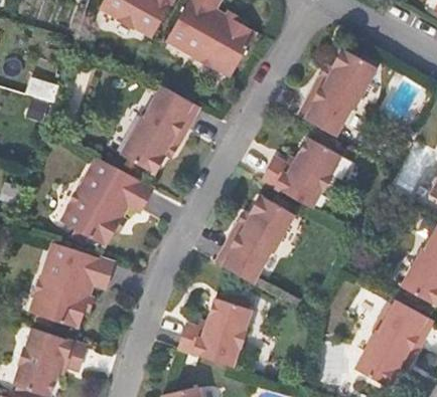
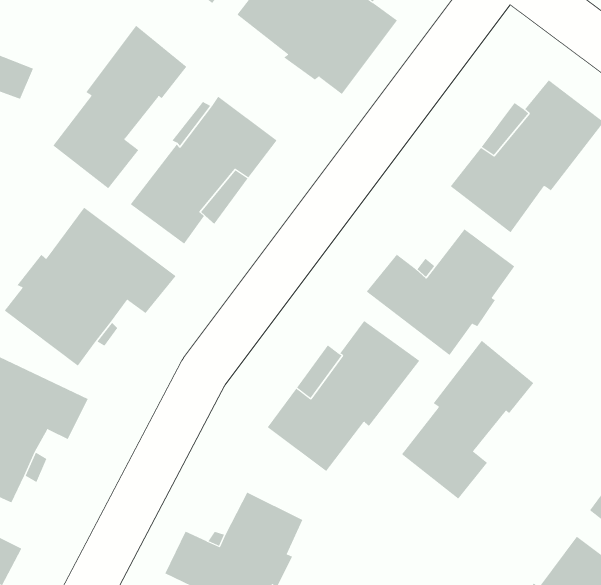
building: none -> [52,25,187,189]
building: none -> [401,340,534,500]

